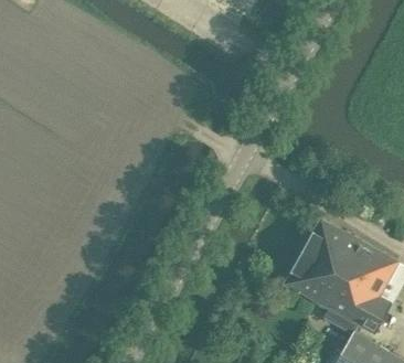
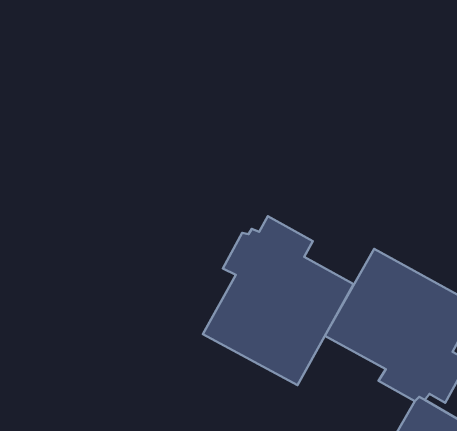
building: none -> [203,216,353,385]

